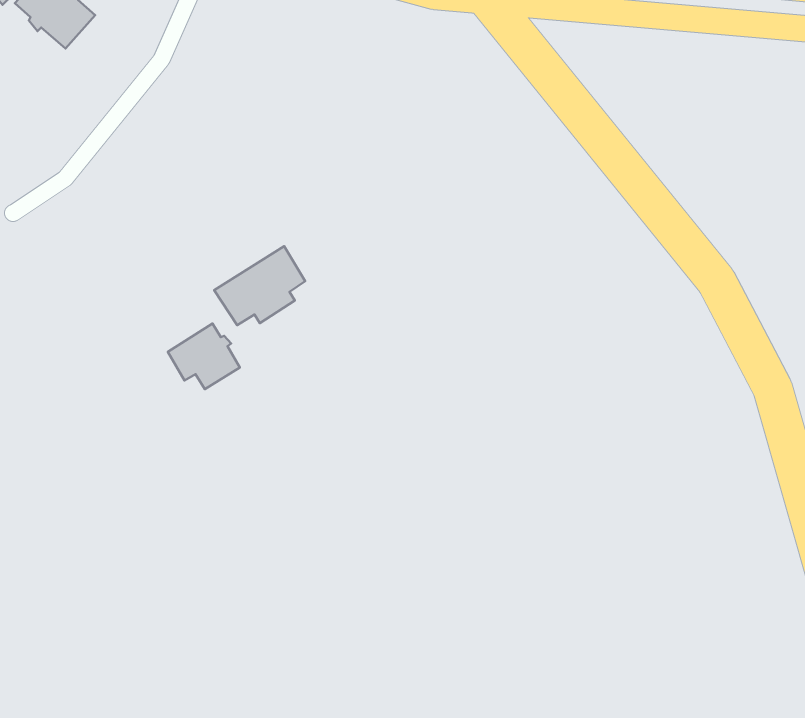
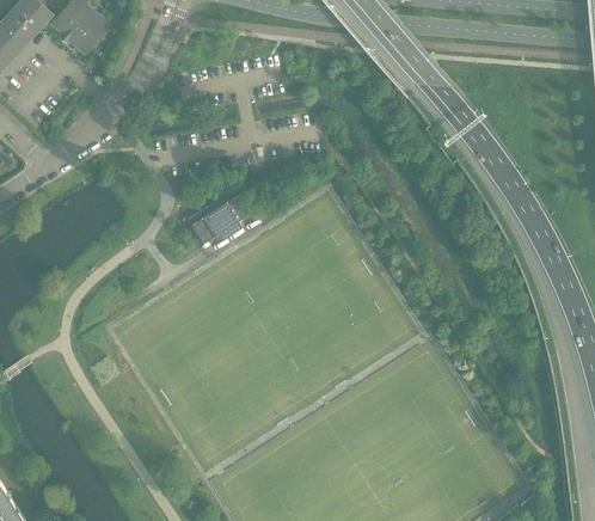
building: [168,323,240,389] -> none

